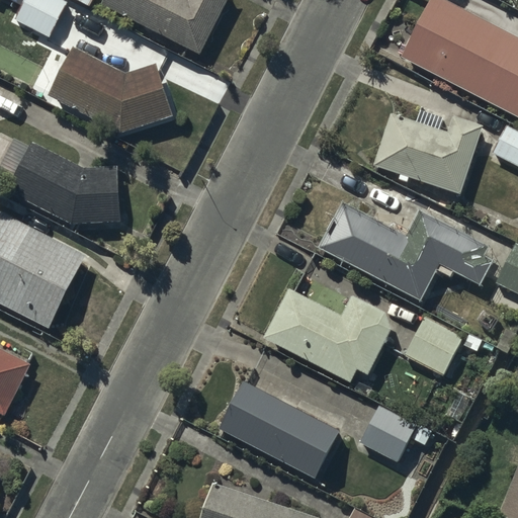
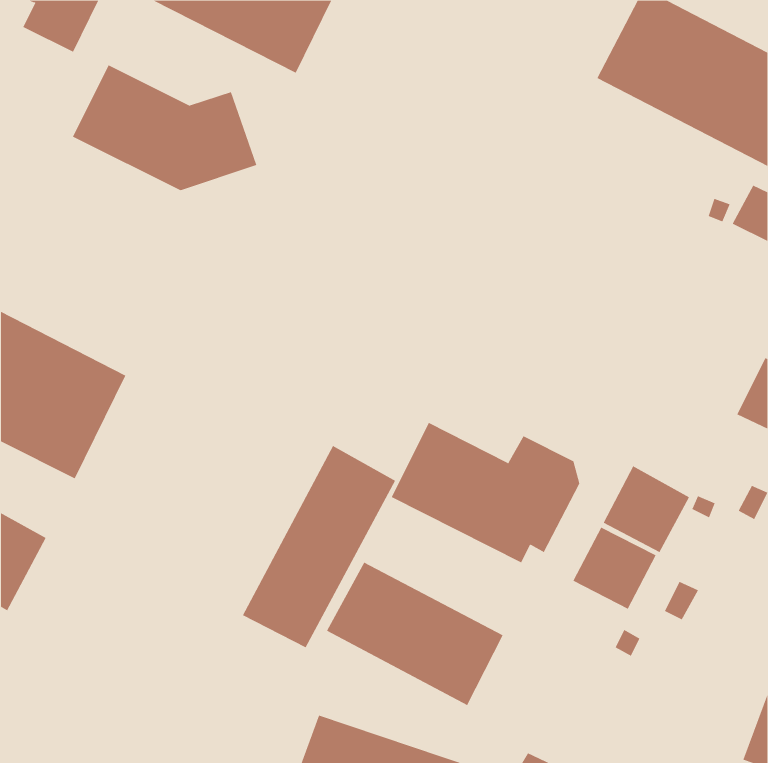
building: [372,111,482,194] -> none
building: [7,142,120,225] -> none
building: [319,202,491,300] -> none
building: none -> [242,445,396,648]
building: [360,407,417,462] -> [572,527,657,609]

